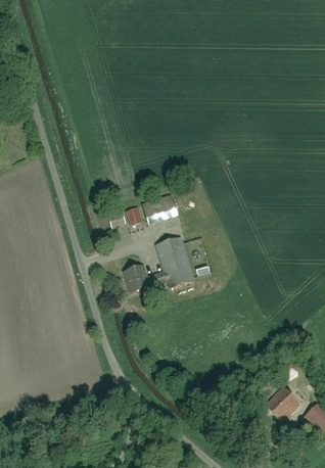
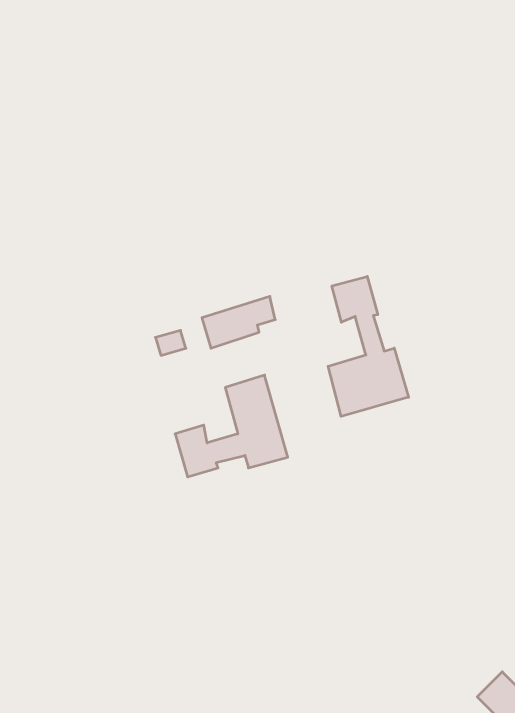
building: none -> [328,276,409,416]
building: [265,386,299,421] -> none

